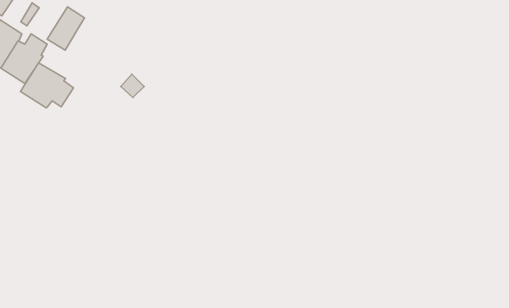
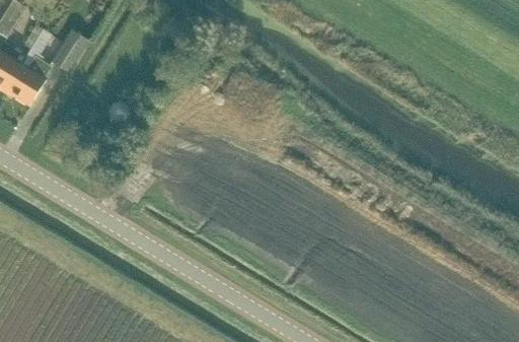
building: [20,63,73,108] -> none

